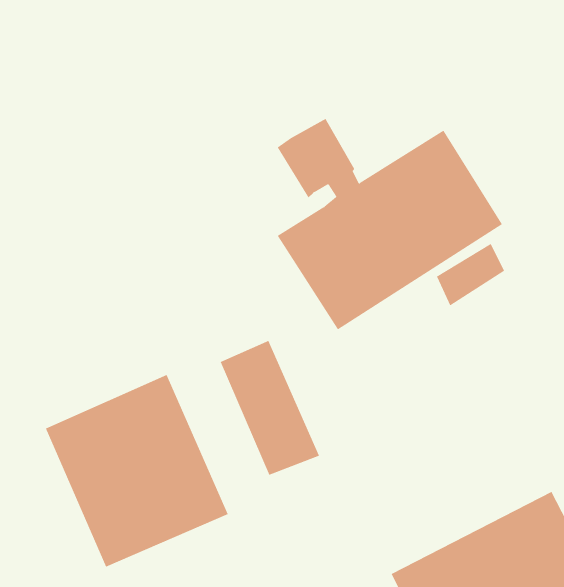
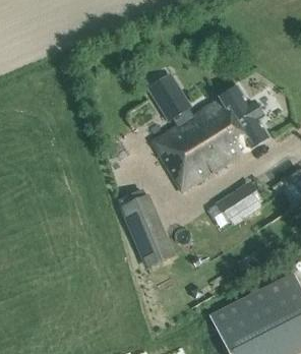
building: [436,243,505,306] -> [222,186,257,219]
building: [45,374,228,568] -> none

